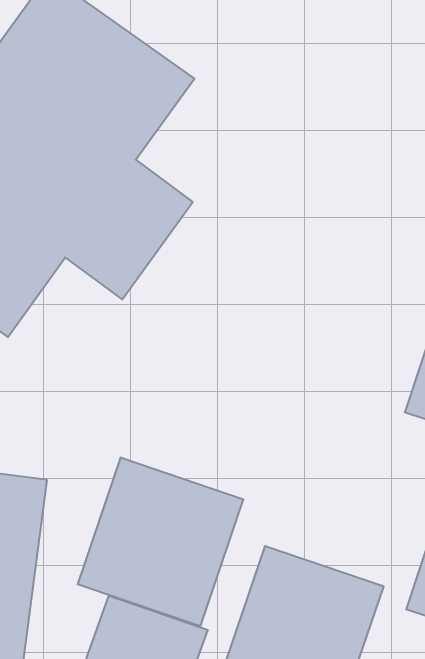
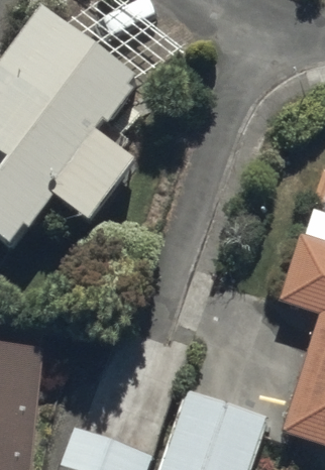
building: [78,457,243,626] -> none

